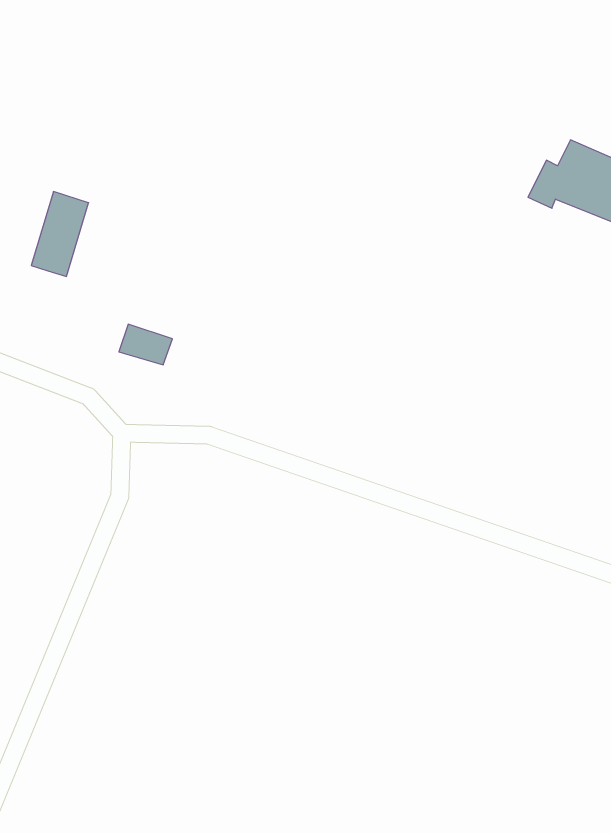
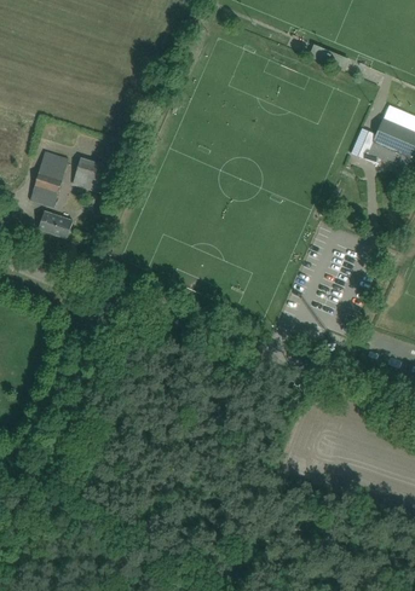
building: none -> [71,156,109,192]
building: [119,324,172,365] -> [38,209,73,236]

